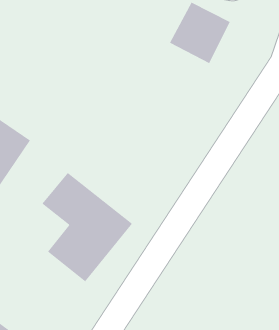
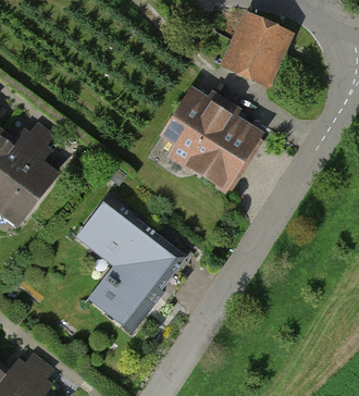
building: none -> [160,88,269,190]

